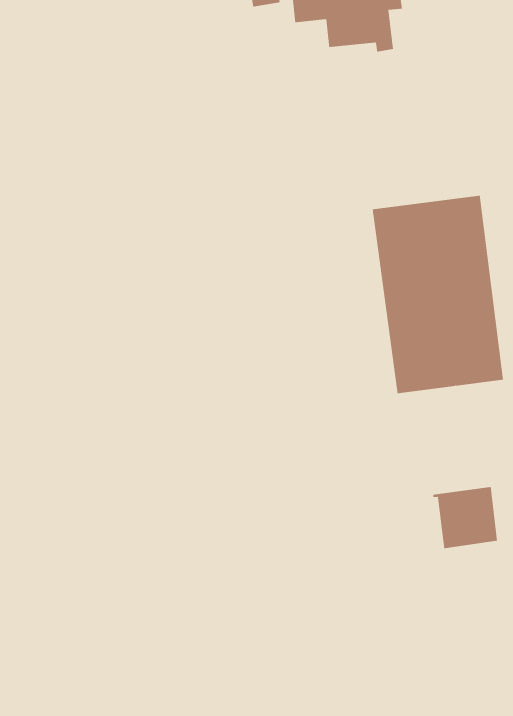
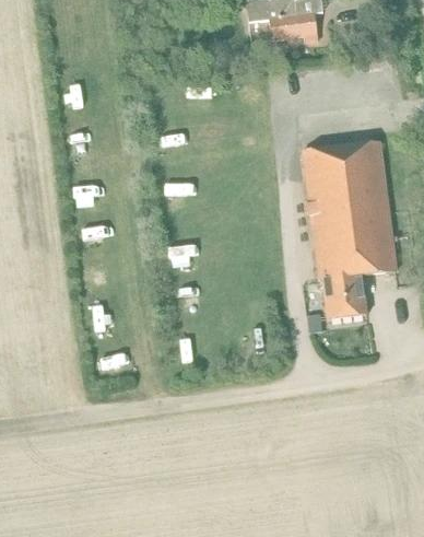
building: [433,487,498,549] -> [320,277,366,320]

